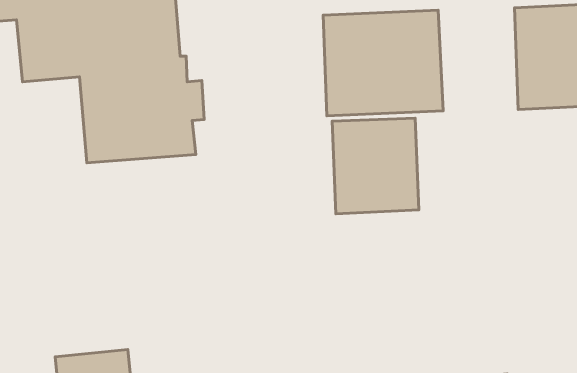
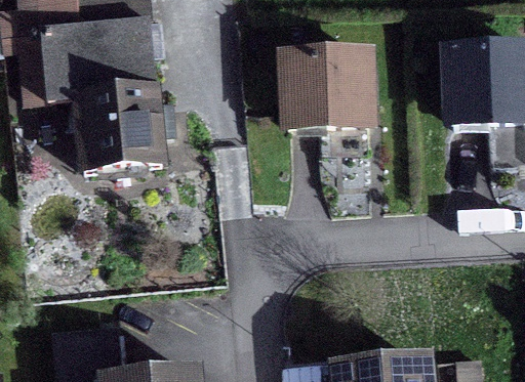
building: [332,118,419,214] -> none

